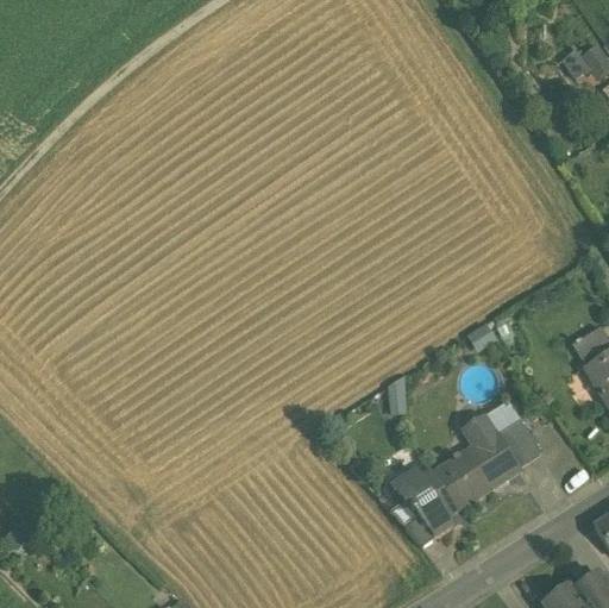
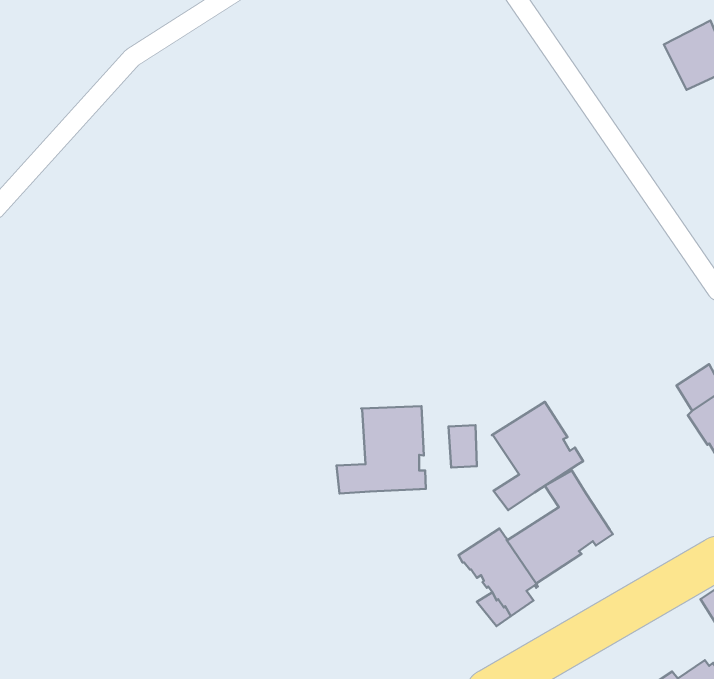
building: none -> [492,402,583,510]
building: none -> [336,406,426,493]
building: [497,419,540,464] -> none

